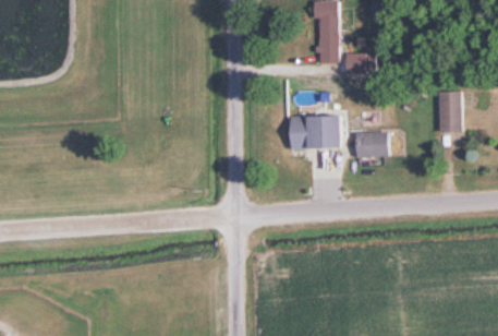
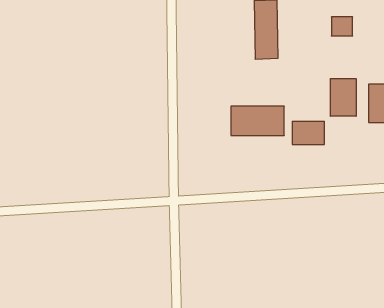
building: [344,52,367,73] -> [331,17,353,36]
building: none -> [330,79,356,116]

